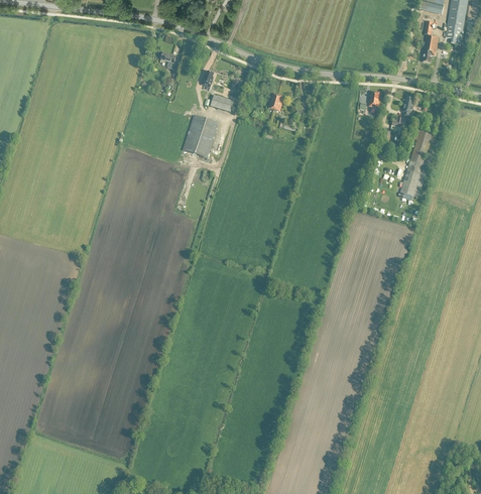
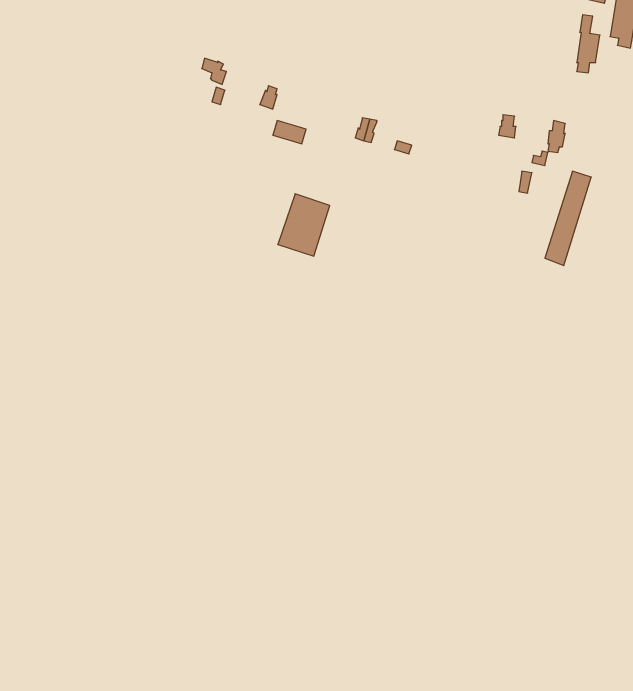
building: [182,114,218,157] -> [278,194,330,256]

